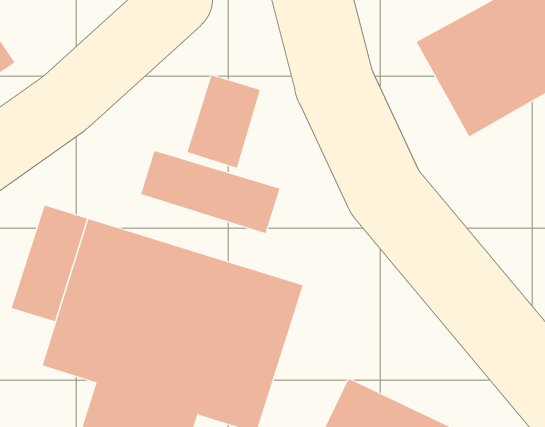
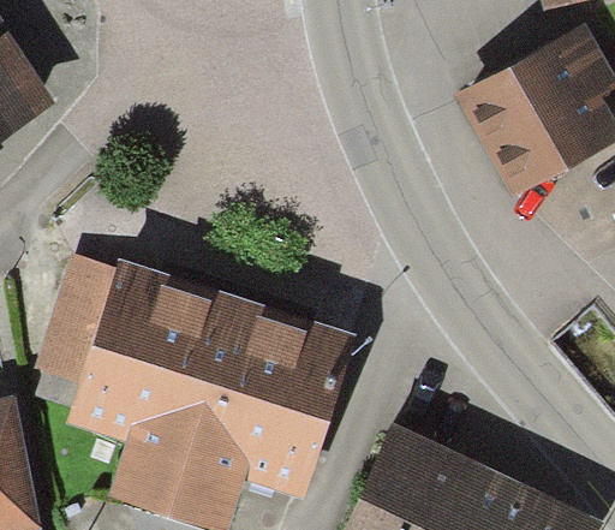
building: [187,74,260,168] -> none
building: [141,150,280,234] -> none

